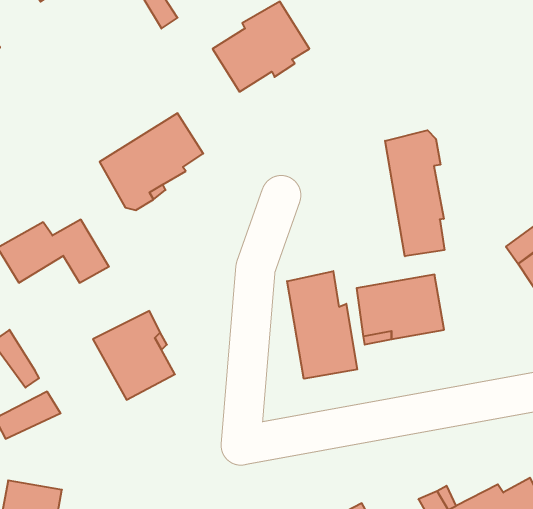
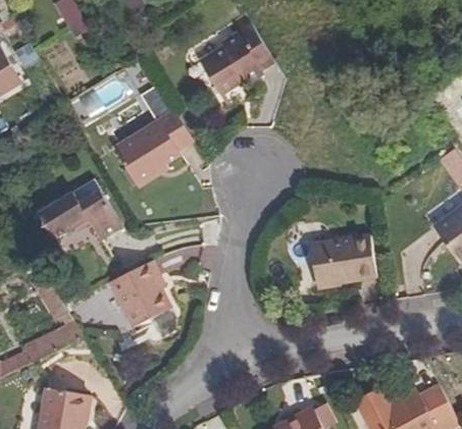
building: [385,130,444,256] -> none
building: [287,271,357,379] -> none

